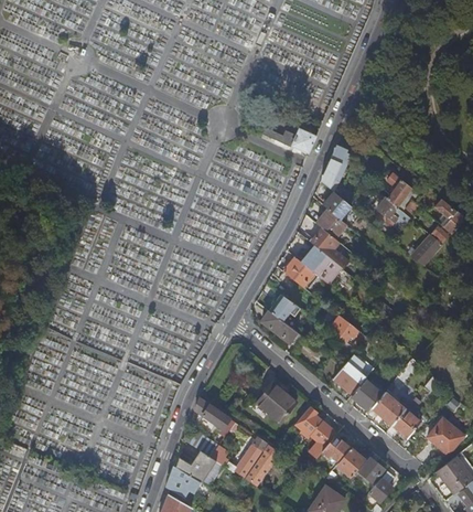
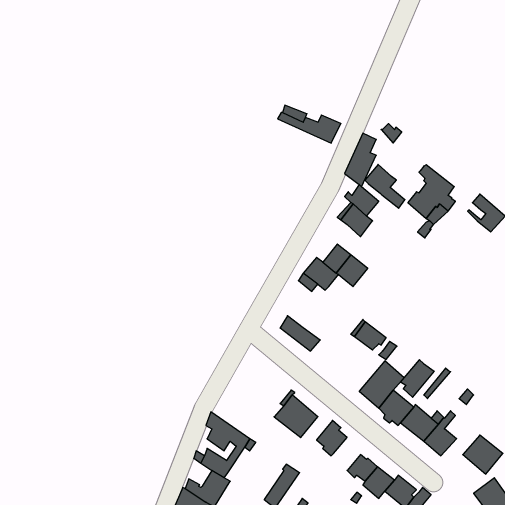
building: [409,225,452,267] -> none
building: [310,228,346,268] -> [365,164,405,208]
building: [268,295,300,322] -> none
building: none -> [401,360,434,397]
building: [299,422,336,467] -> none
building: [211,436,266,476] -> none

